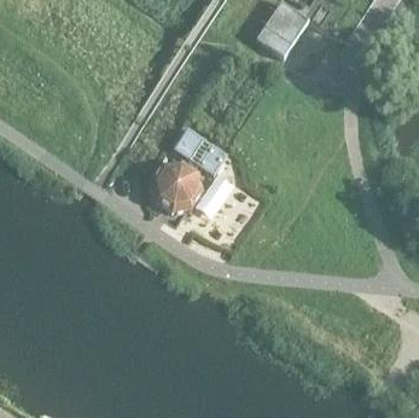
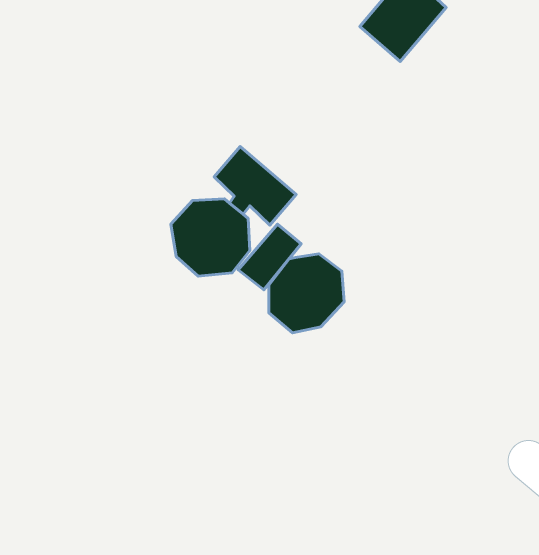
building: none -> [269,254,344,333]

